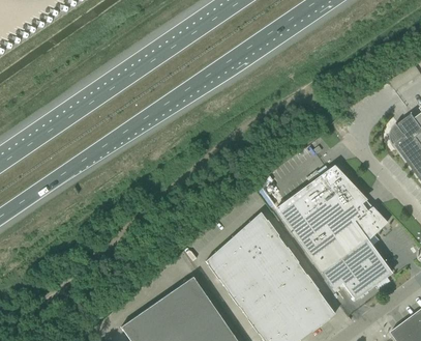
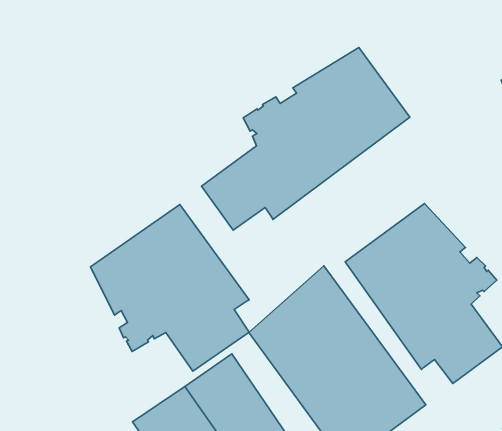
building: none -> [201,47,410,230]
building: none -> [91,204,249,371]

